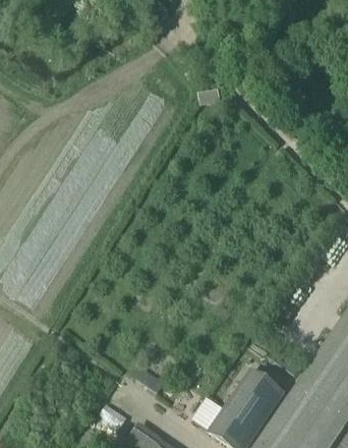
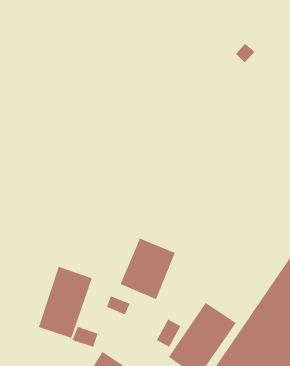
building: none -> [120,238,176,300]
building: none -> [38,266,93,339]

